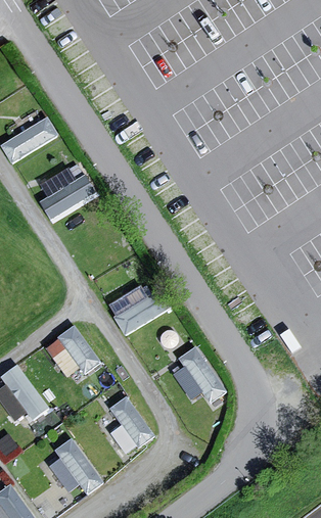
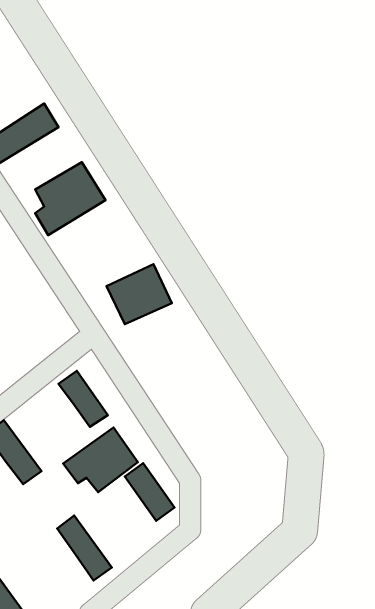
building: [109,282,160,329] -> [107,264,172,324]
building: [172,342,223,402] -> none
building: none -> [63,428,138,492]

